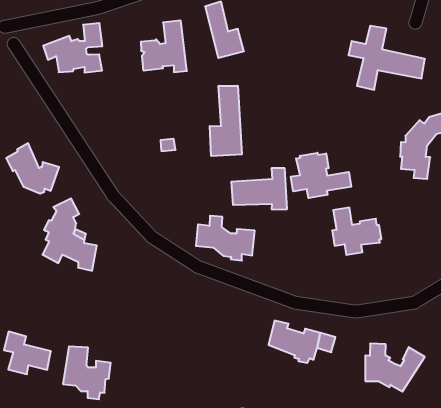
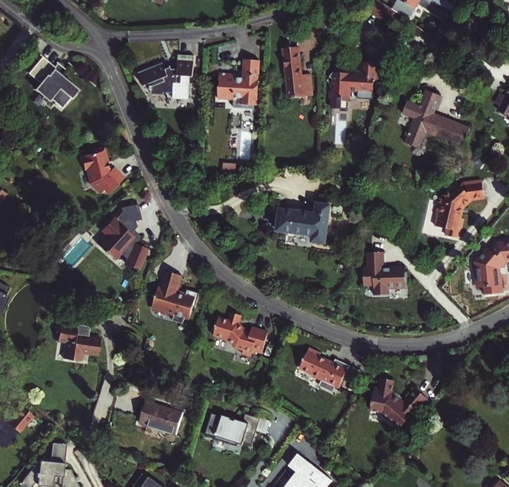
building: none -> [326,62,374,97]
building: [210,86,242,156] -> none
building: [291,153,351,198] -> none
building: [196,216,255,261] -> [212,308,267,353]
building: [63,346,111,399] -> [151,272,197,324]

